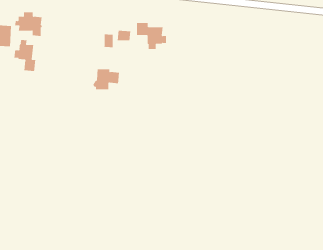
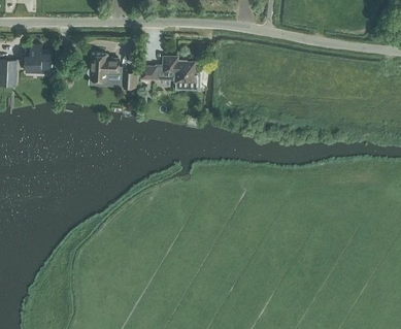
building: [14,39,36,72] -> none
building: [93,69,120,90] -> [87,56,119,80]

